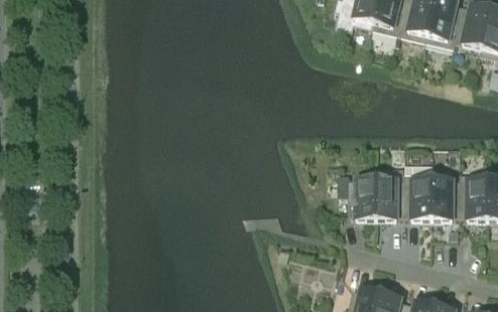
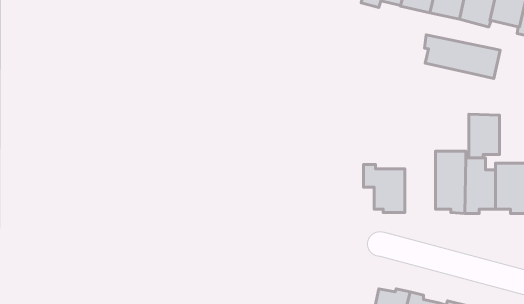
building: none -> [424,35,500,78]
building: [385,177,413,217] -> [469,114,499,158]

